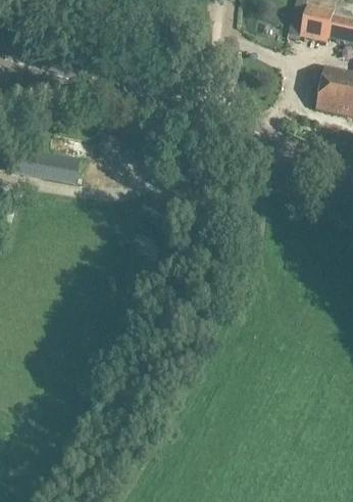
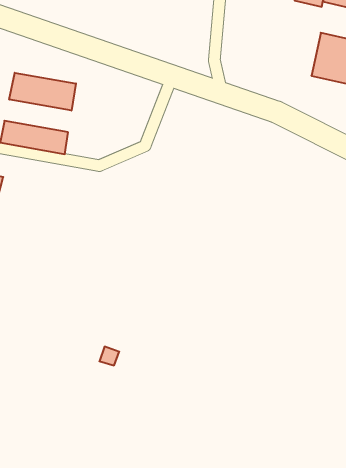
building: none -> [9,73,76,111]

